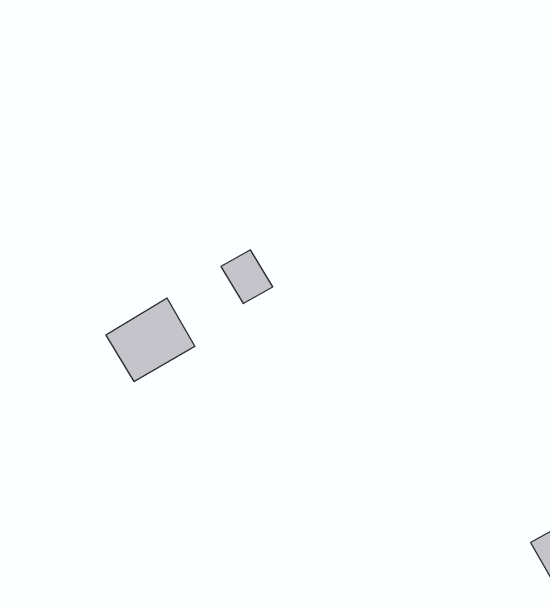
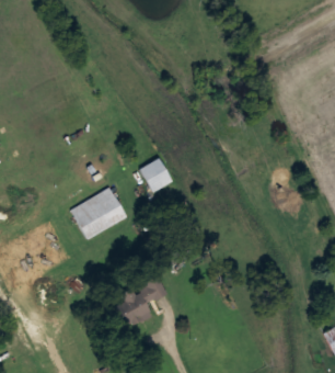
building: none -> [113,274,166,324]

